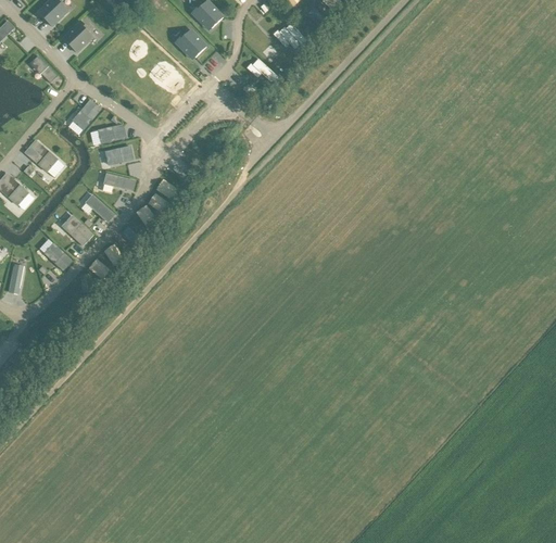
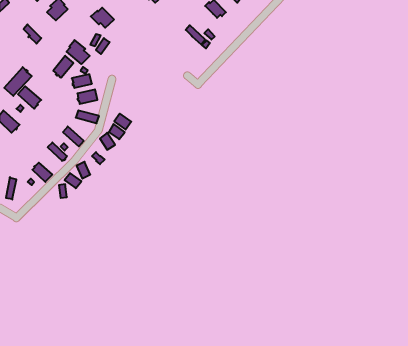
building: [175,29,206,56] -> [91,8,114,28]
building: none -> [67,40,90,64]
building: none -> [4,67,32,96]

